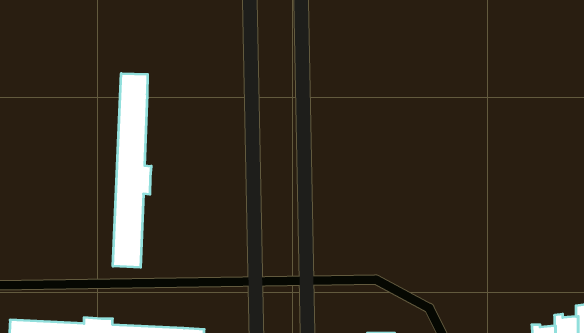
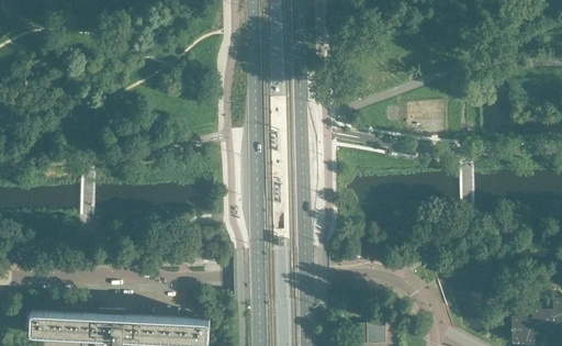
building: [113,73,151,267] -> none

